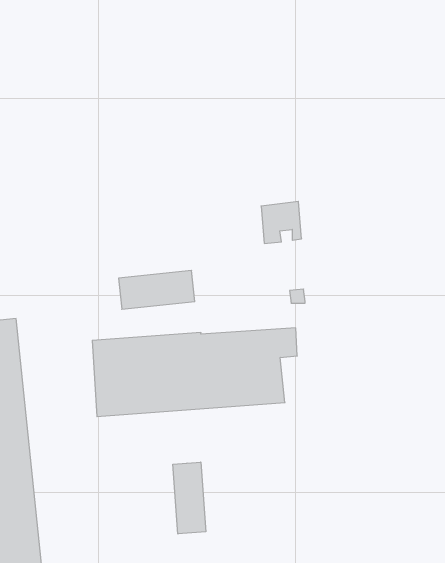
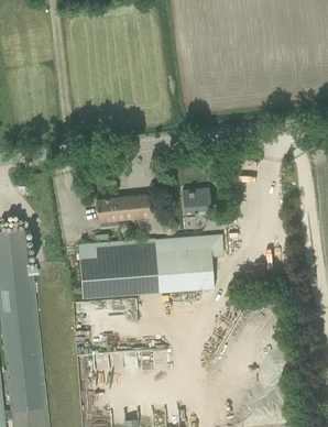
building: [261,201,302,243] -> [182,188,210,218]
building: [173,462,206,534] -> none

